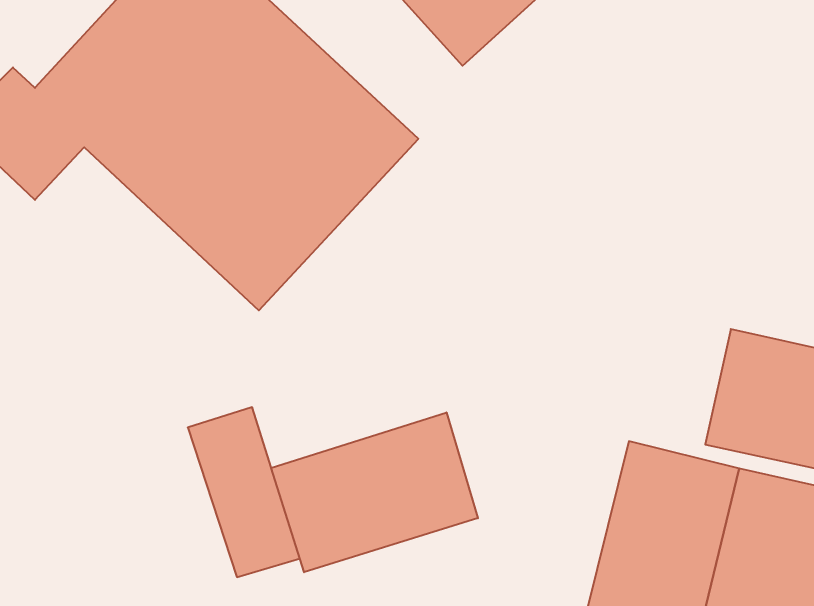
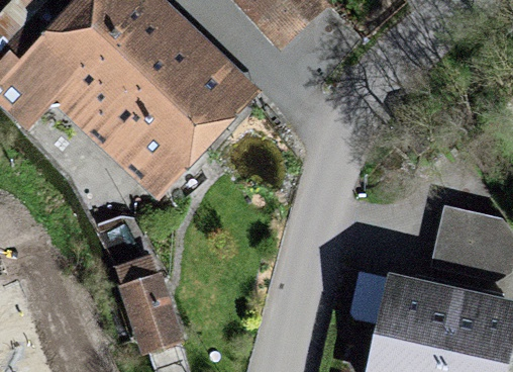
building: [271,412,478,572] -> none

